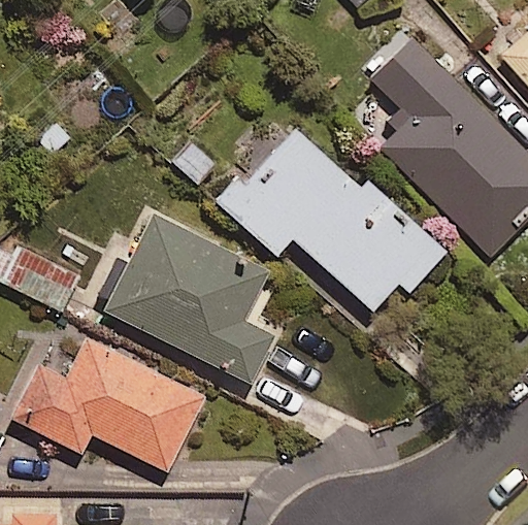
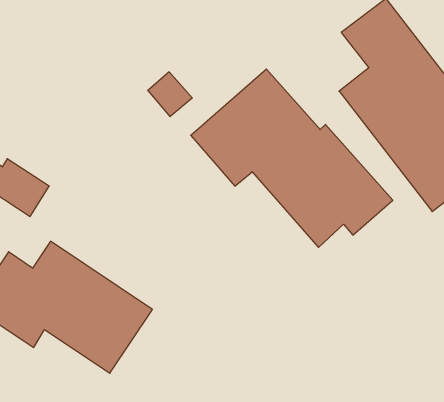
building: [105,217,274,384] -> none

